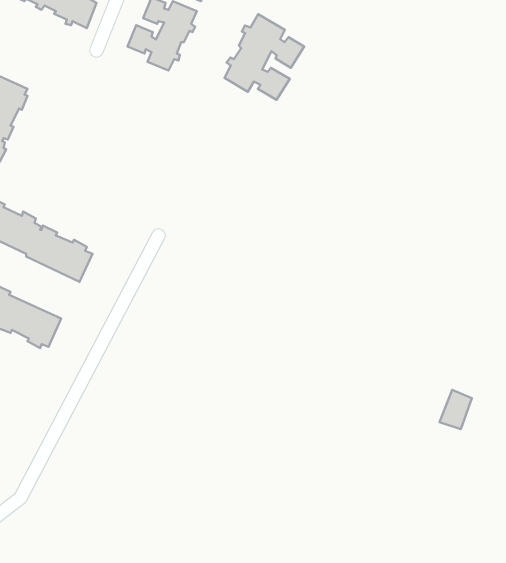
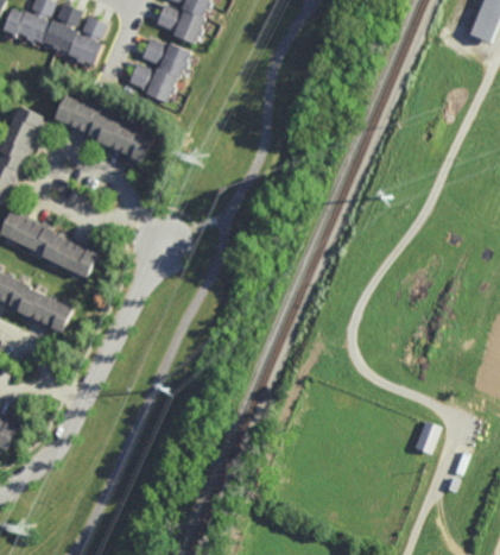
building: [225,14,304,100] -> none
building: none -> [57,96,156,165]
building: [440,390,472,429] -> [413,417,441,450]

